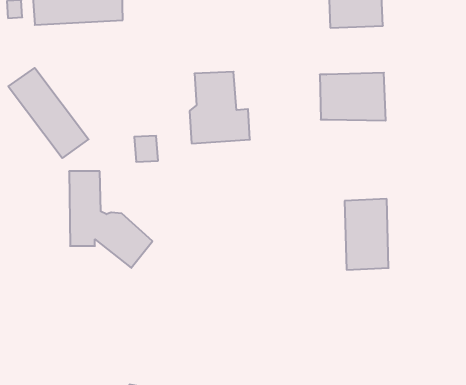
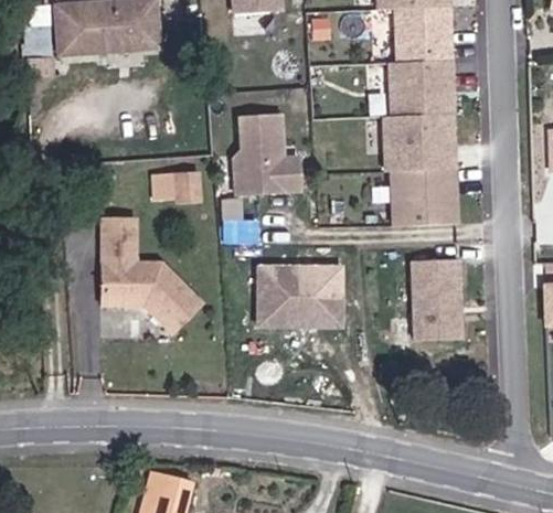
building: none -> [387,56,456,113]
building: [8,68,89,158] -> none
building: none -> [391,164,459,222]
building: none -> [257,266,336,322]

